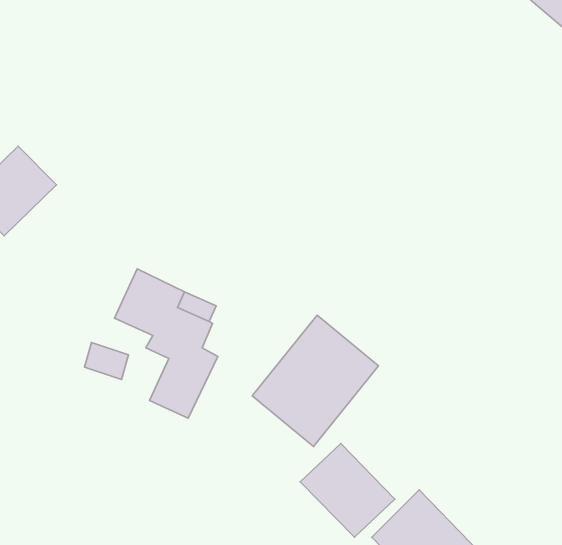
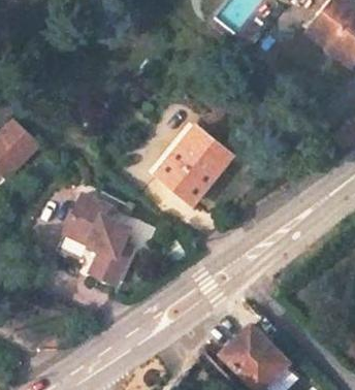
building: [252,315,378,447] -> [156,126,230,203]
building: [300,444,395,537] -> none

